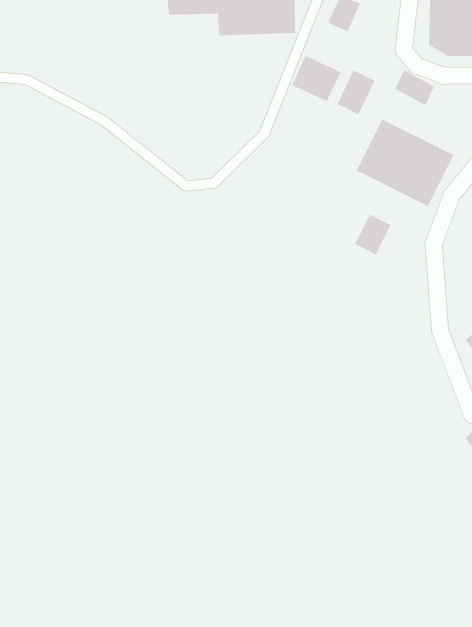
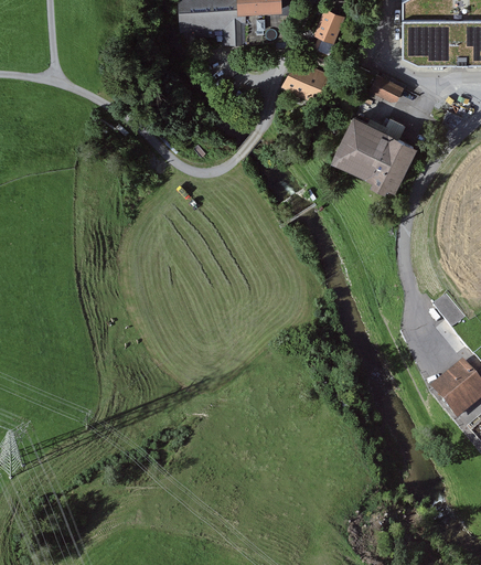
building: [337,70,375,115] -> none
building: [355,214,391,255] -> none

